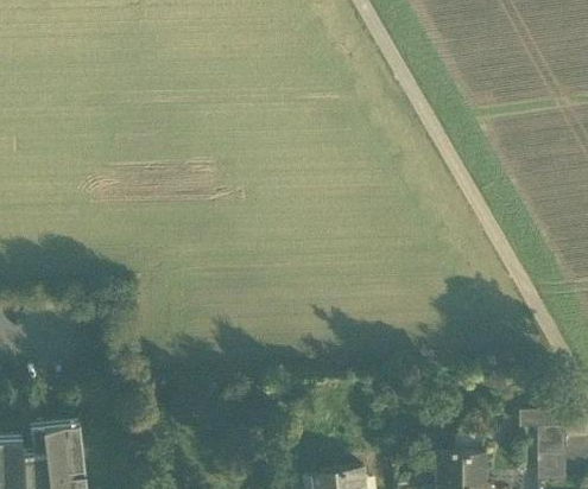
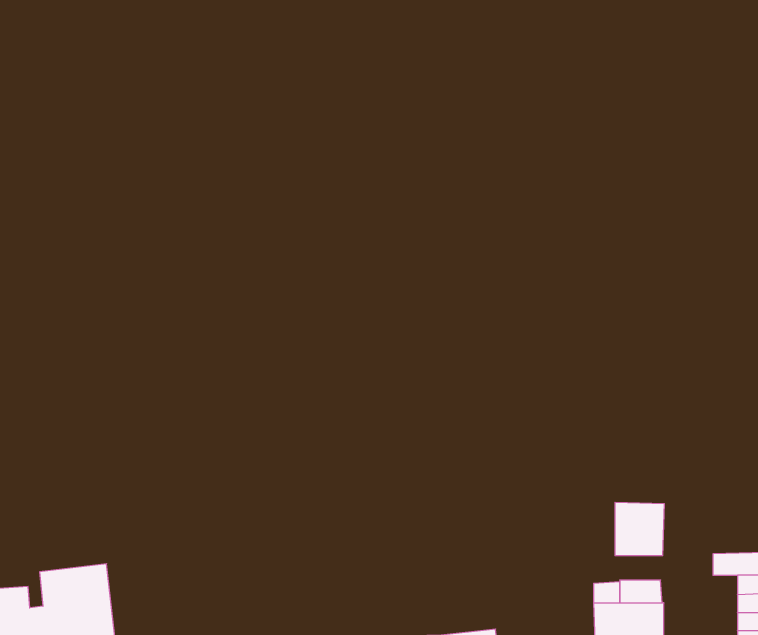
building: none -> [615,502,664,556]

